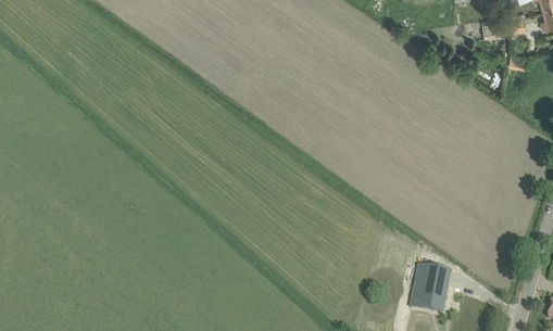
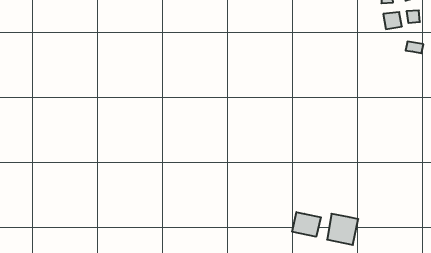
building: none -> [292,212,321,237]

